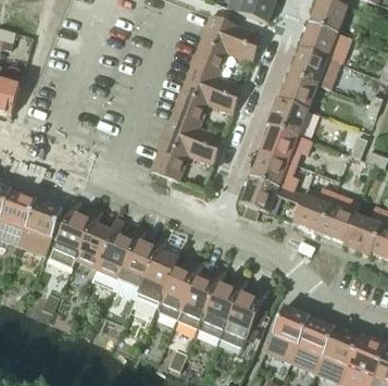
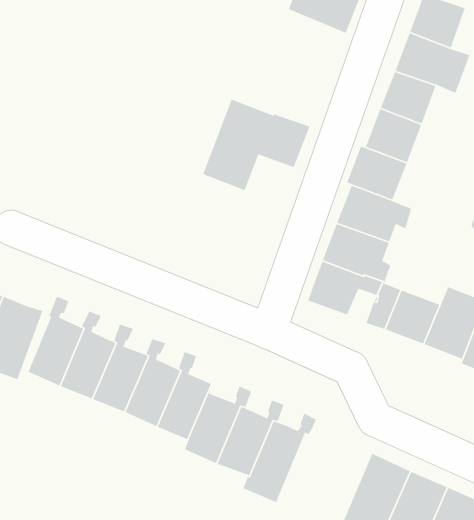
building: [190,15,263,78] -> none
building: [151,119,224,182] -> none
building: [224,288,270,340] -> none

